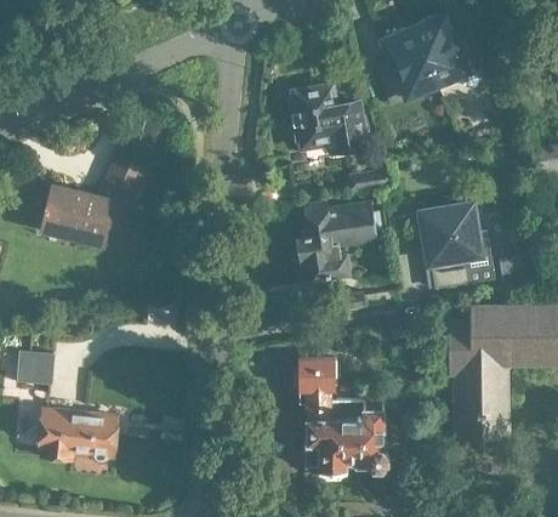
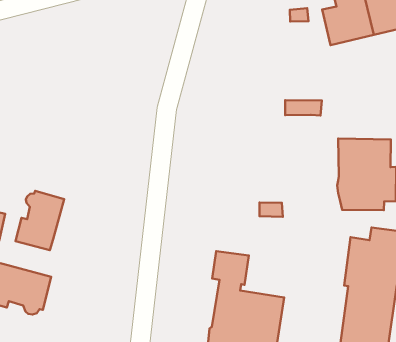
building: [290,85,369,153] -> none
building: [41,157,144,245] -> none
building: [296,201,382,280] -> none
building: none -> [16,191,64,250]

